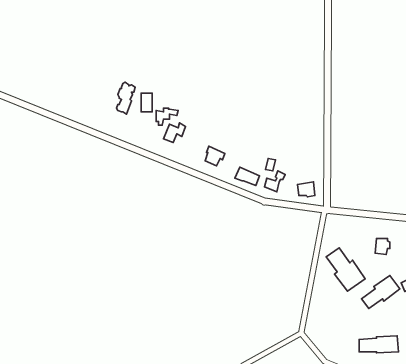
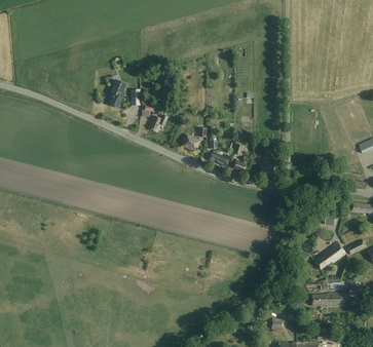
building: [326,248,365,291] -> none

